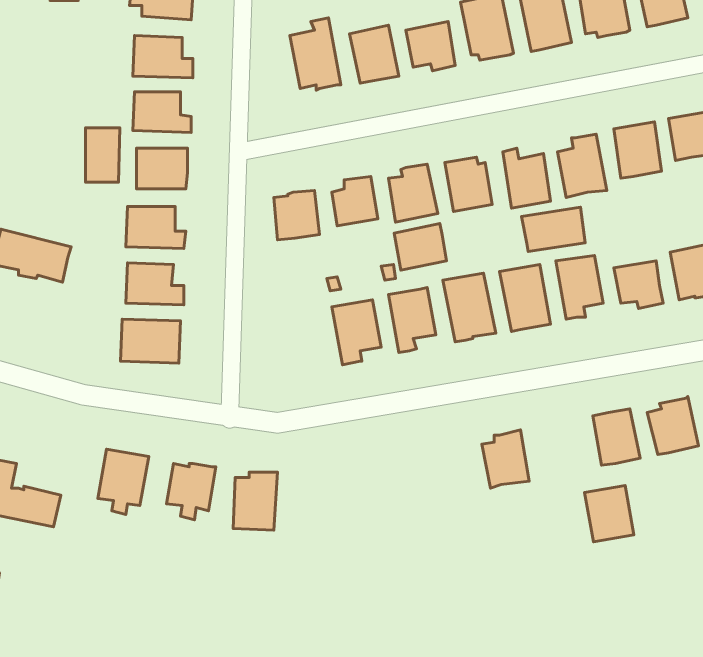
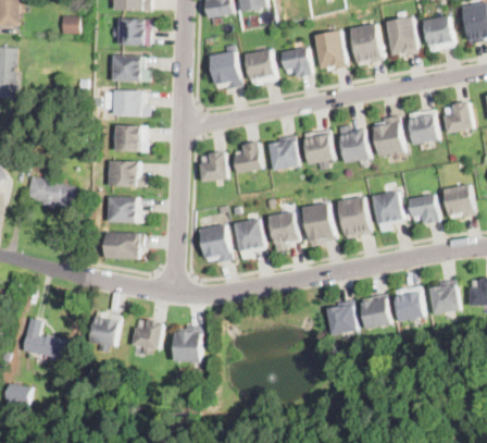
building: [85,128,120,182] -> none
building: [522,207,585,252] -> none
building: [394,224,446,270] -> none
building: none -> [200,224,232,262]
building: [585,485,634,542] -> [361,294,391,329]

